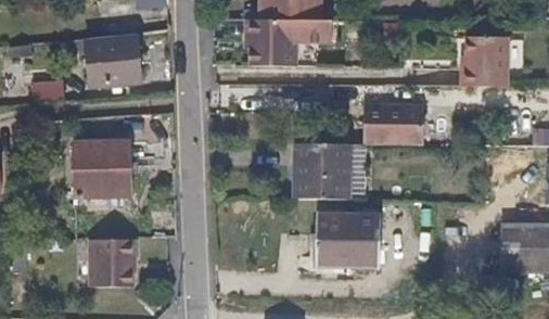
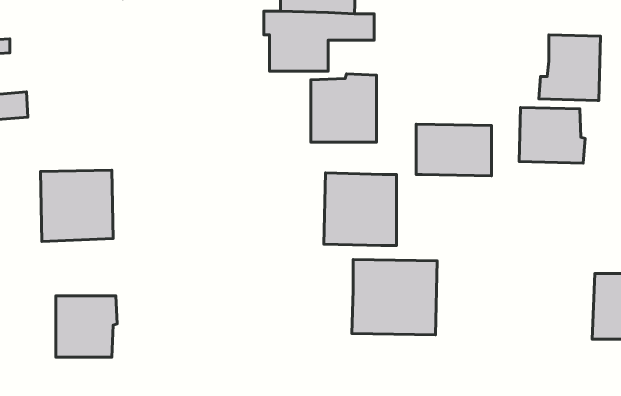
building: [86,33,141,85] -> none
building: none -> [311,74,377,142]
building: none -> [519,107,585,163]

